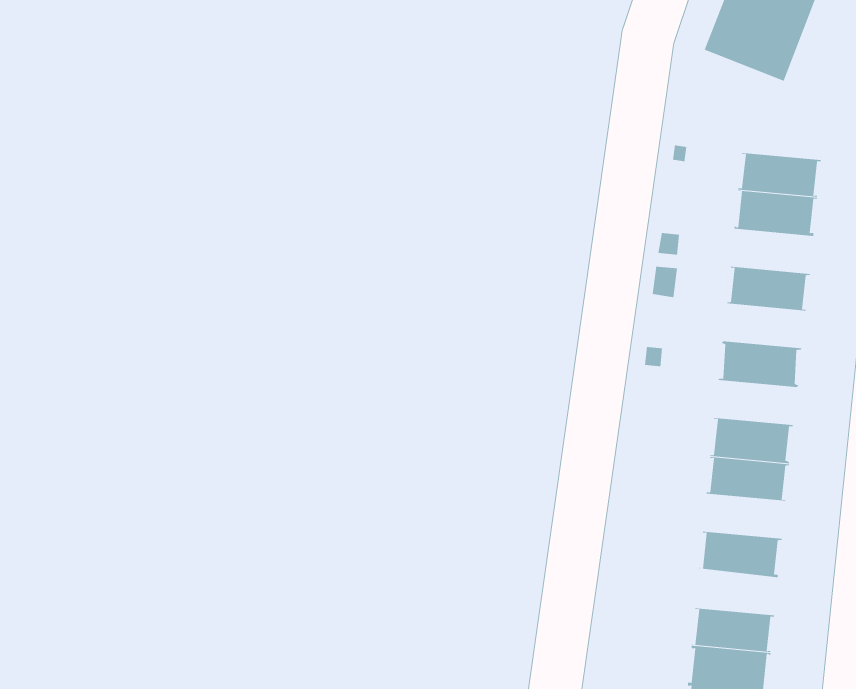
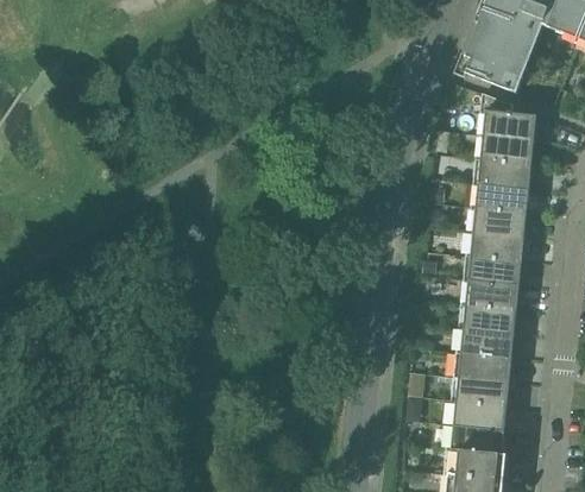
building: none -> [479,94,536,141]
building: none -> [476,185,529,214]
building: none -> [471,233,524,261]
building: none -> [465,282,518,310]
building: none -> [458,354,511,383]
building: none -> [453,402,507,431]

